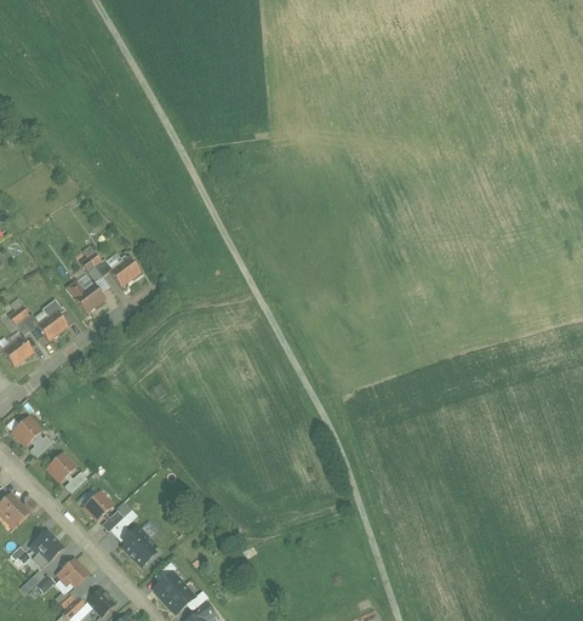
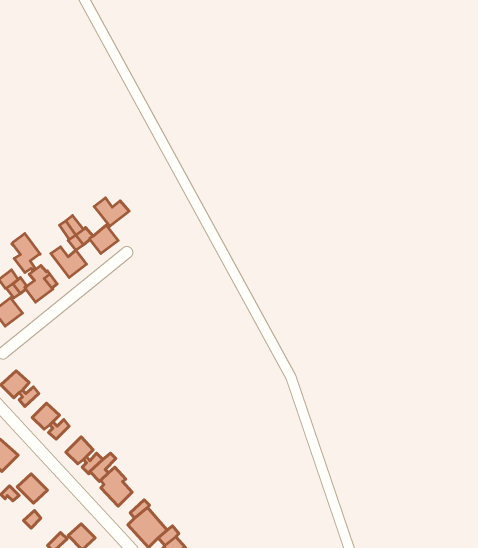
building: none -> [94,198,129,226]
building: none -> [12,233,40,272]
building: [55,556,90,587] -> none

